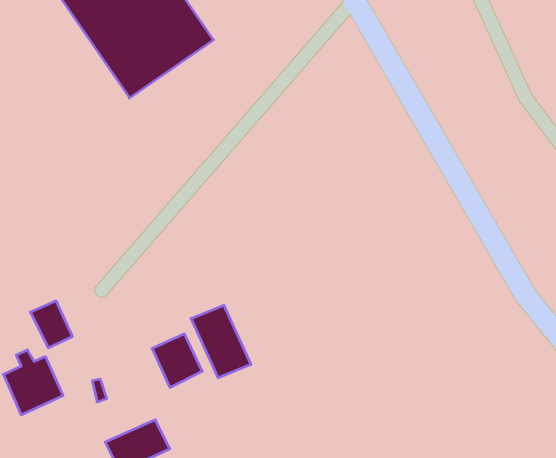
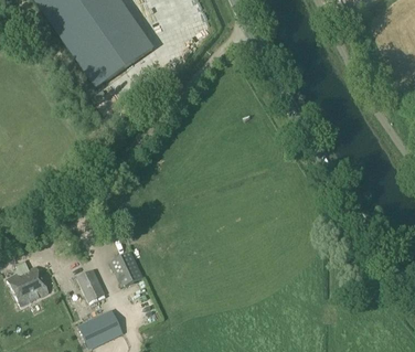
building: [30,301,72,348] -> [77,268,106,300]
building: [191,305,251,378] -> none

